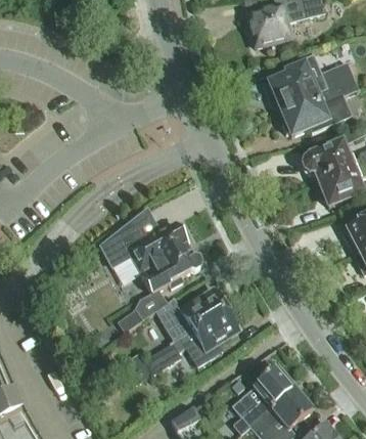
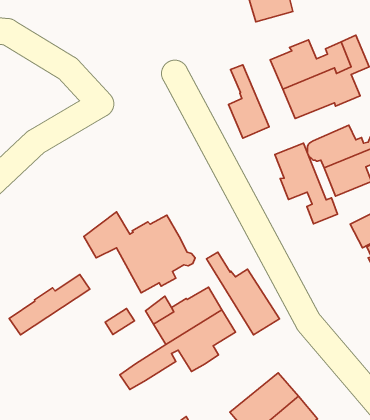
building: none -> [228,65,269,138]
building: none -> [275,143,338,224]
building: none -> [206,252,280,335]
building: none -> [9,274,90,335]

